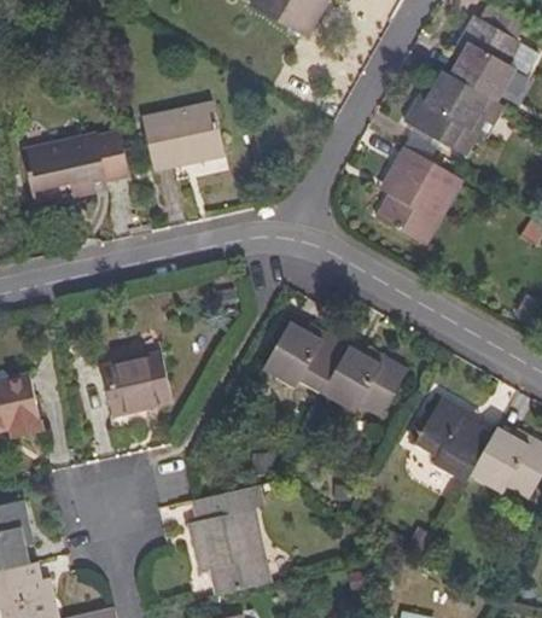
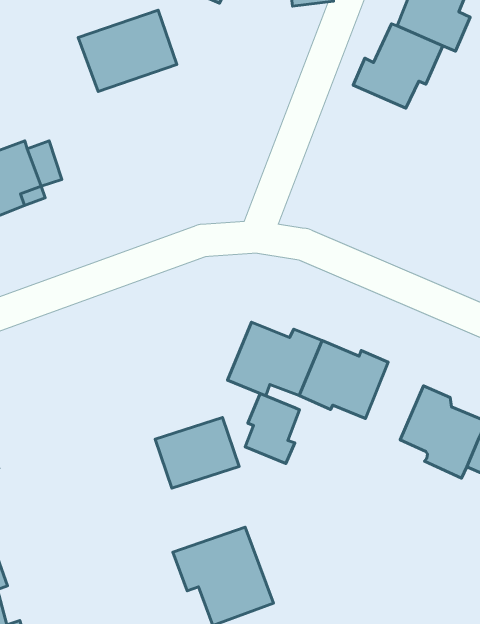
building: [144,104,229,170] -> [78,10,177,92]
building: [375,144,460,243] -> none
building: [103,351,175,409] -> [155,418,239,488]
building: none -> [245,393,299,464]

